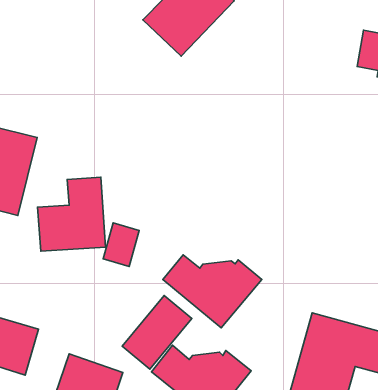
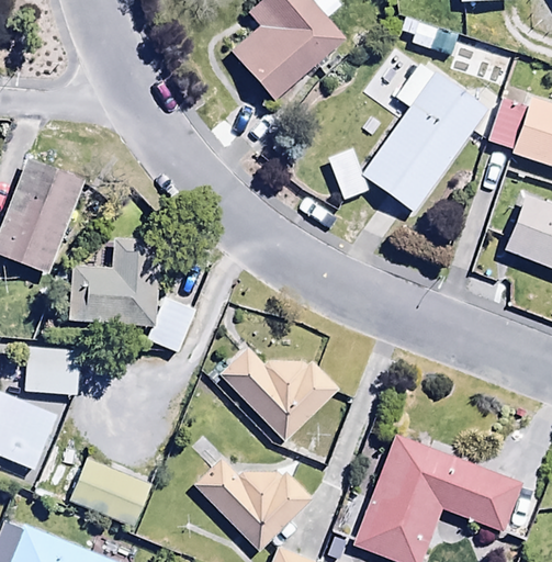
building: none -> [360,59,488,212]
building: none -> [25,344,79,394]
building: [122,295,192,369] -> none

